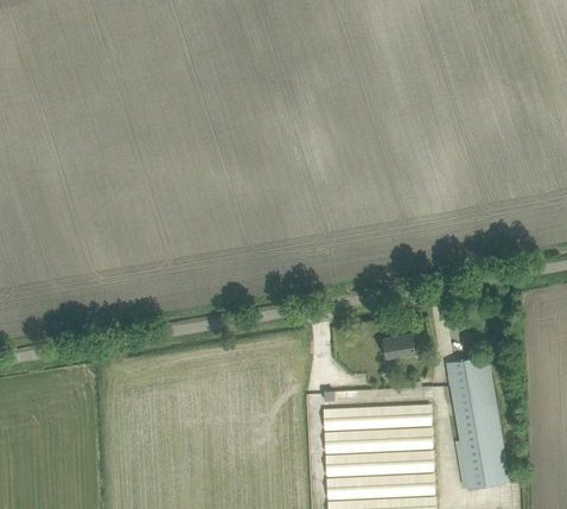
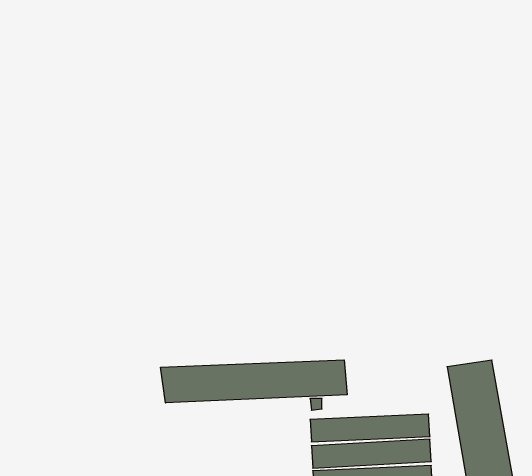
building: [384,341,415,364] -> none
building: none -> [161,360,347,403]

